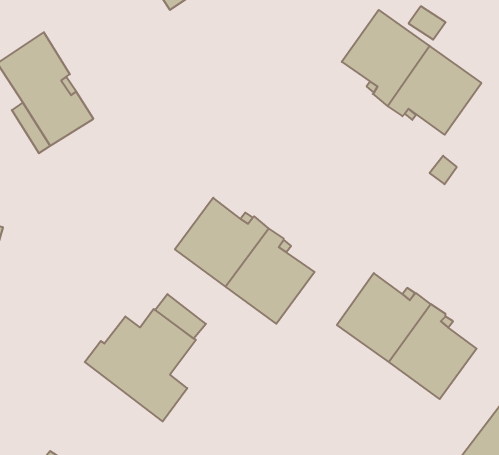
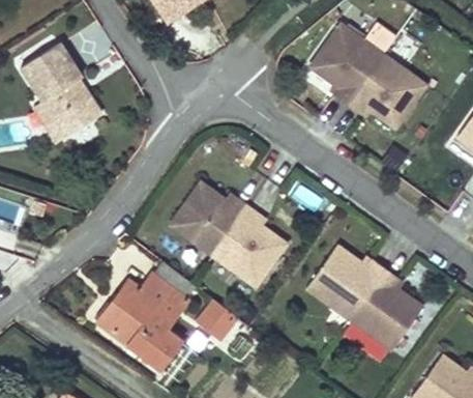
building: none -> [196,298,236,340]

